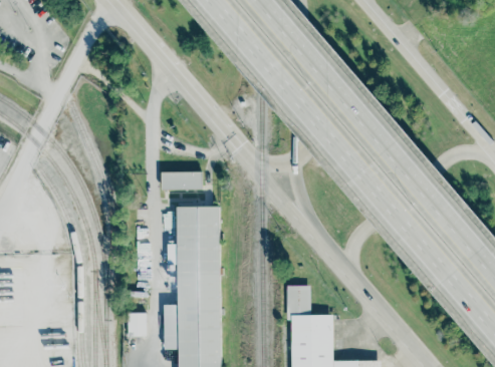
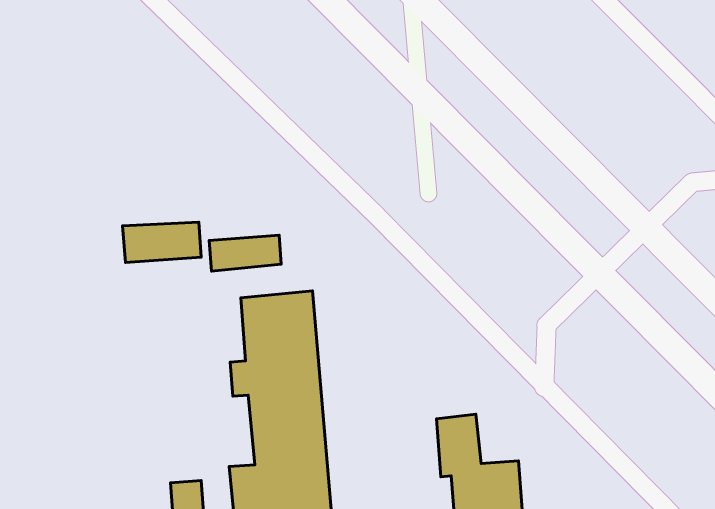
building: none -> [123,222,201,263]

